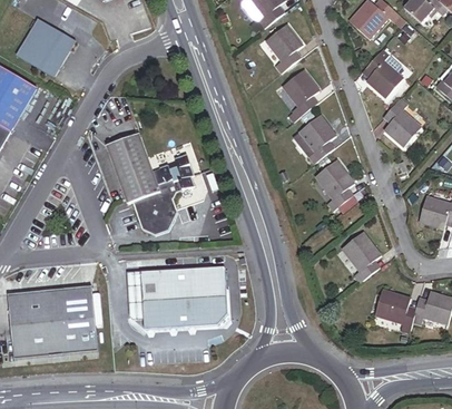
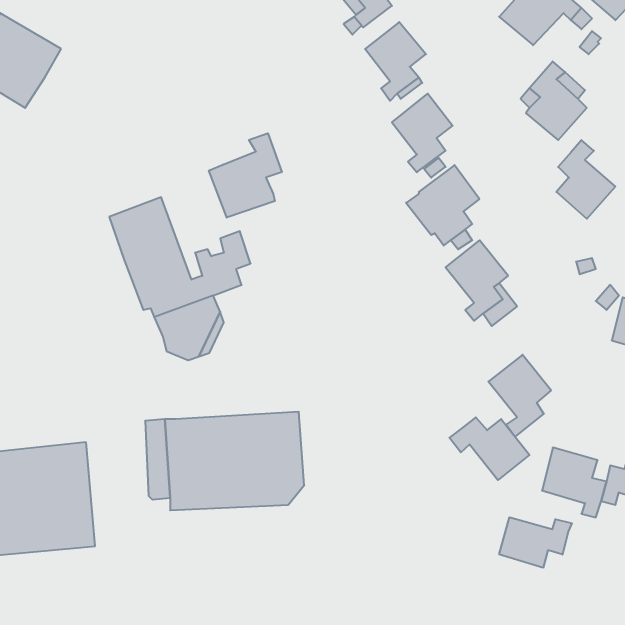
building: none -> [209,133,282,218]
building: none -> [449,417,529,480]
building: none -> [499,517,572,568]

